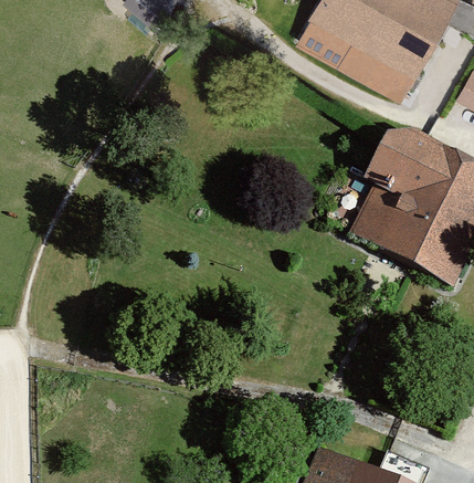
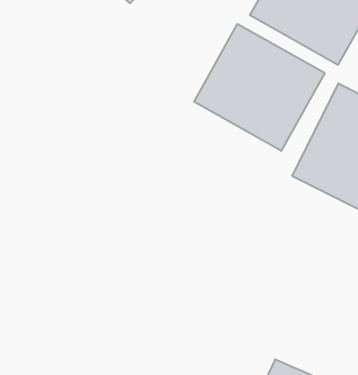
building: none -> [194,24,325,151]

